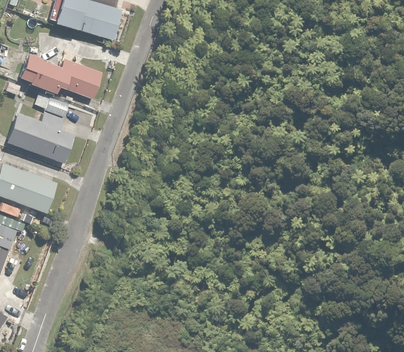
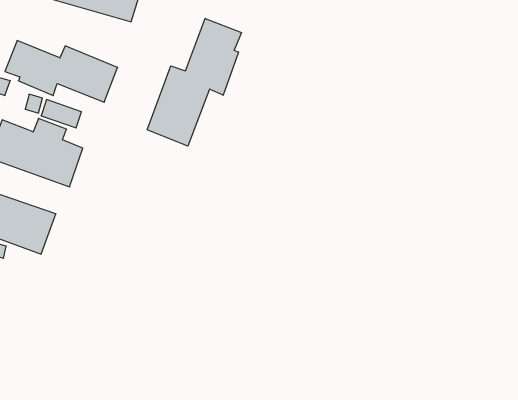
building: none -> [147,18,241,146]

